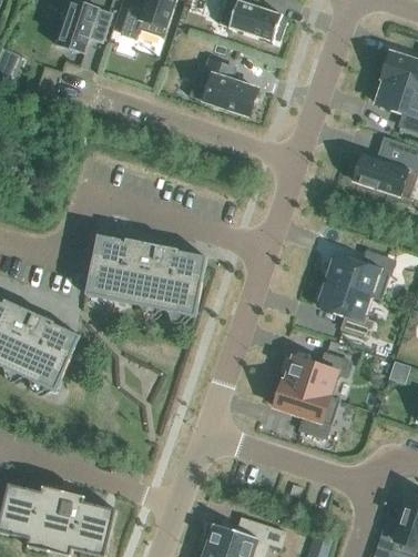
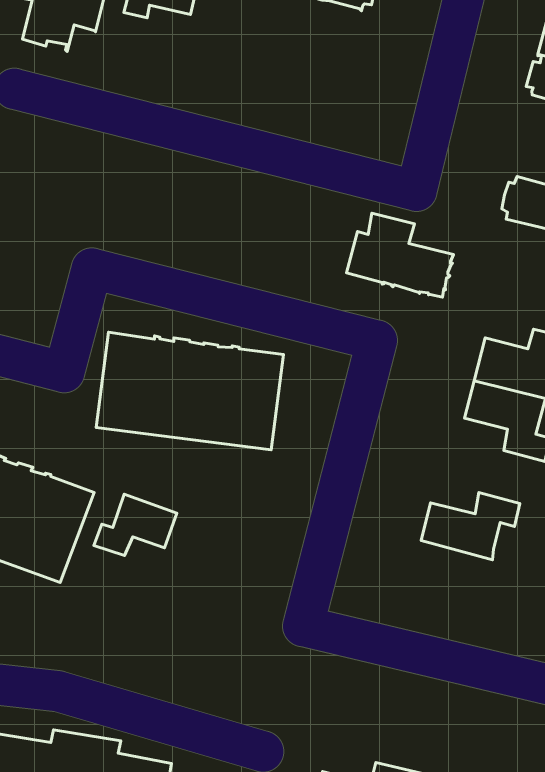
building: [188,59,257,115] -> [346,213,453,297]
building: none -> [94,494,177,556]
building: [274,381,339,437] -> none

